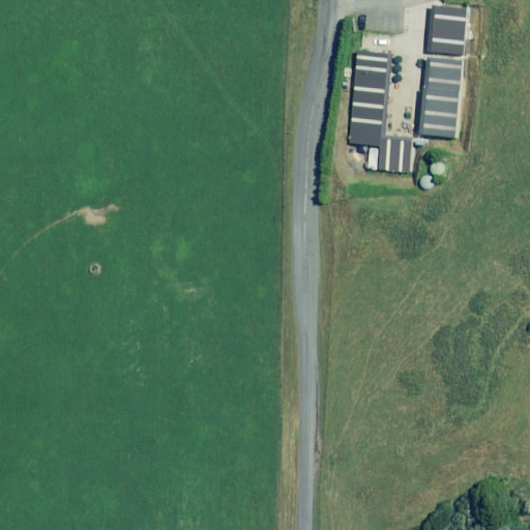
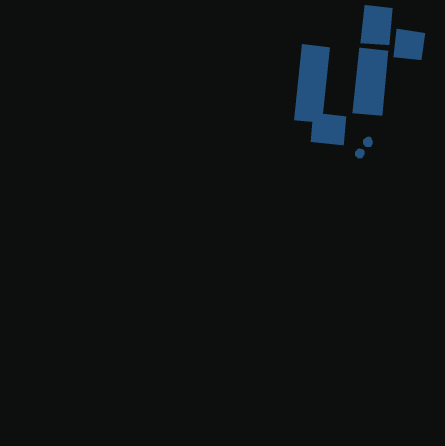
building: none -> [393,28,426,61]

